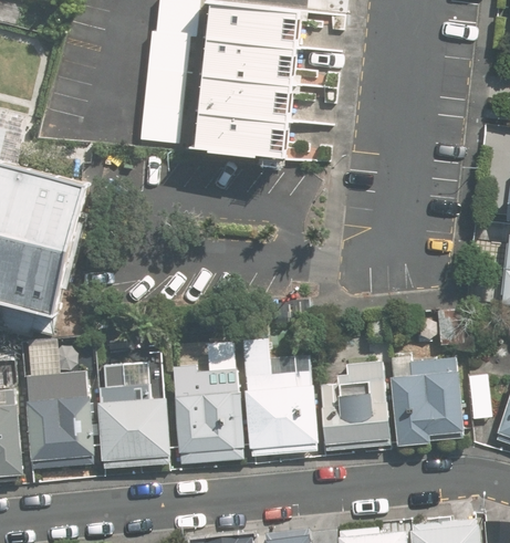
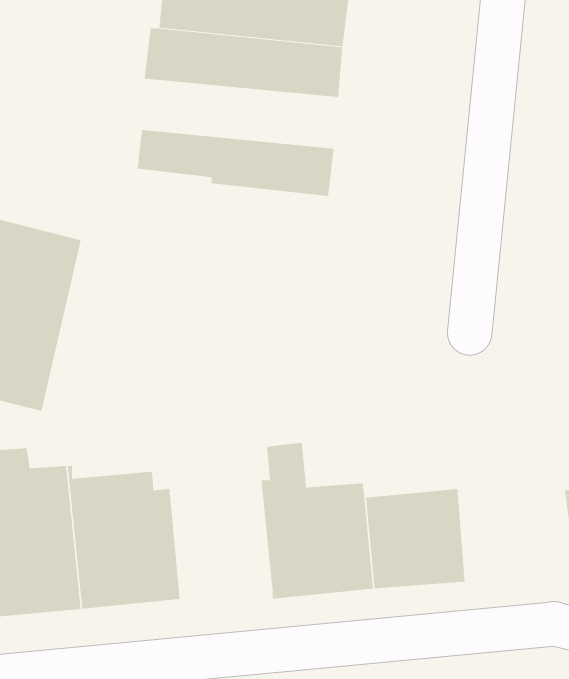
building: [147,63,298,116] -> none
building: [388,354,468,446] -> none
building: [169,368,247,459] -> none

